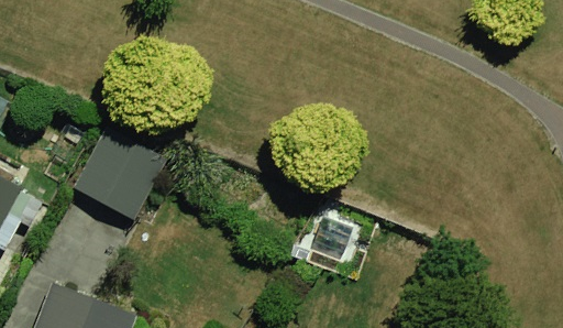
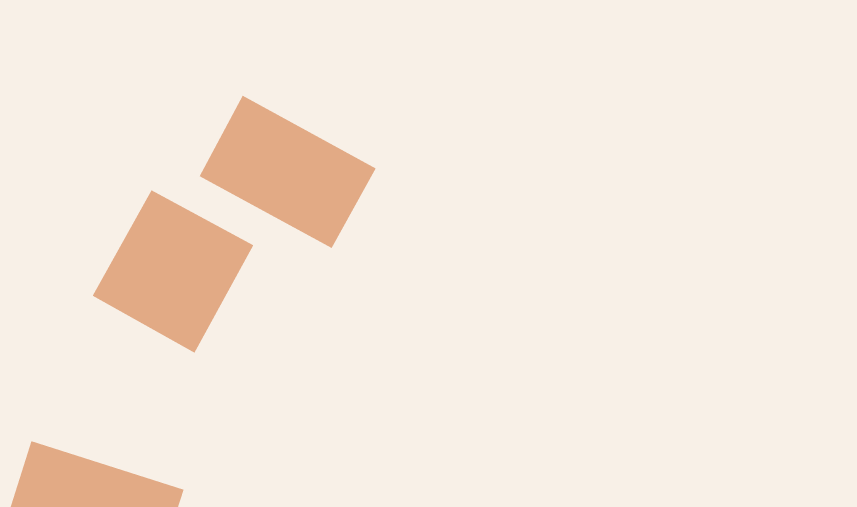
building: none -> [199,95,377,249]

